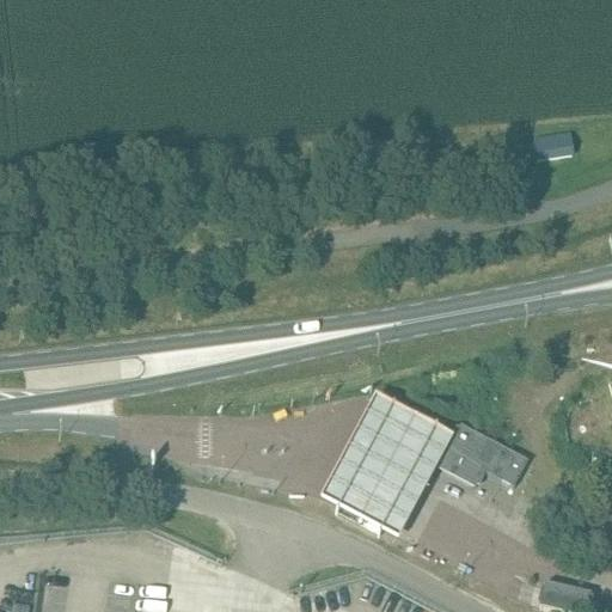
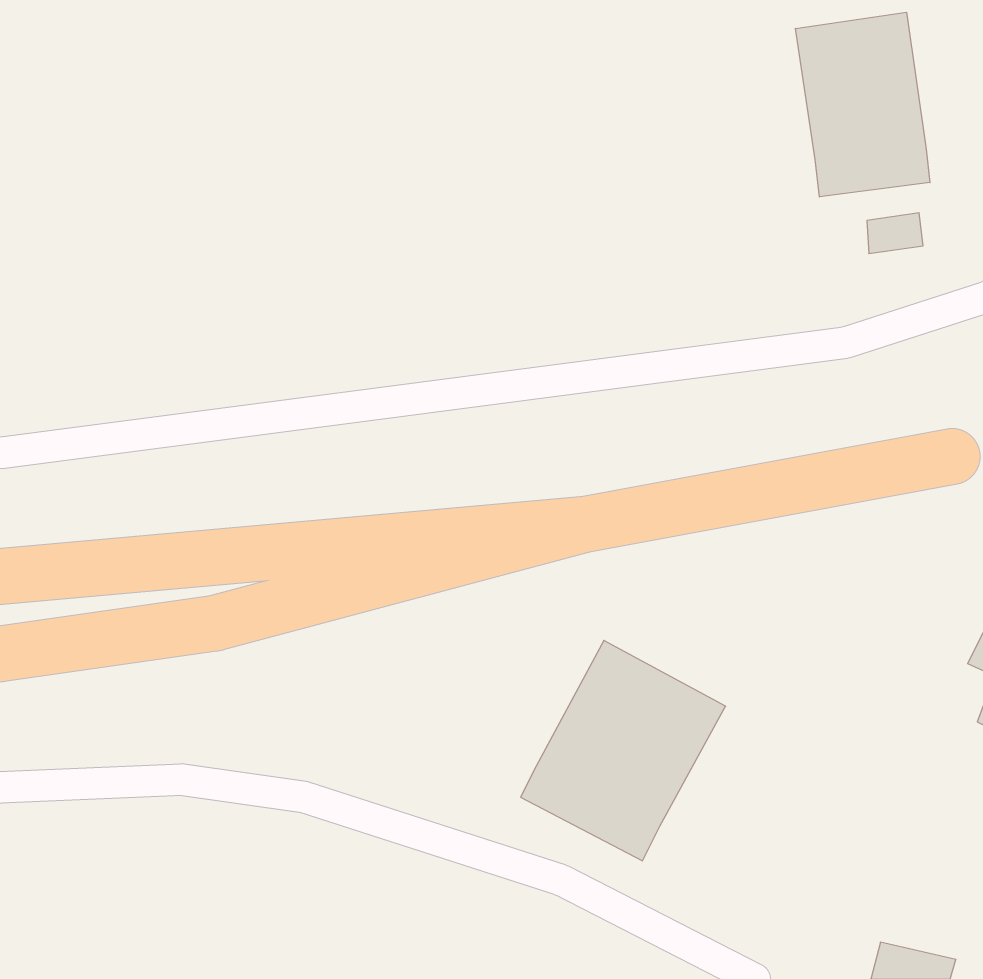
building: none -> [795,12,930,197]
building: [441,426,531,486] -> none

